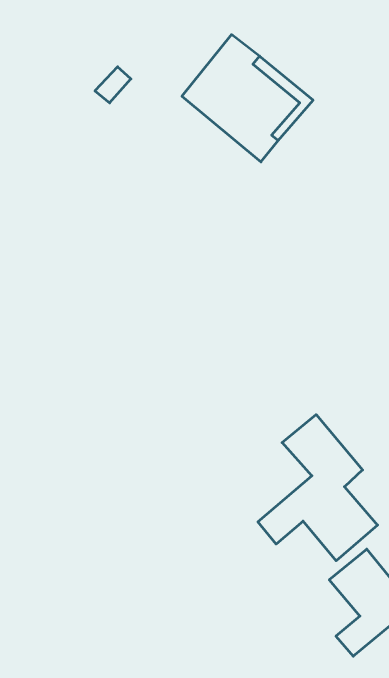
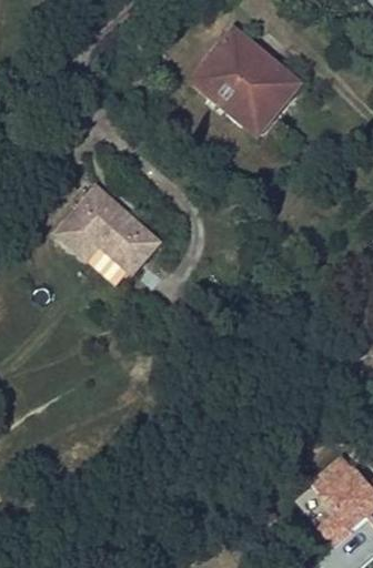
building: none -> [54,189,157,275]
building: [258,415,378,561] -> none

